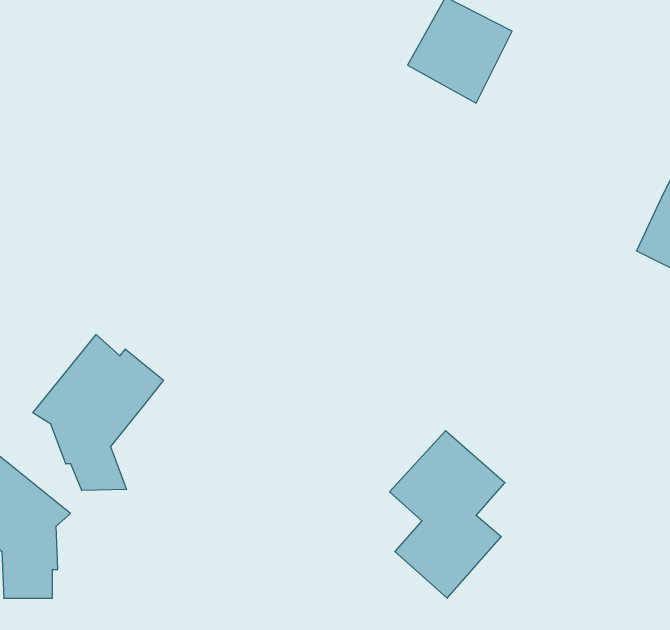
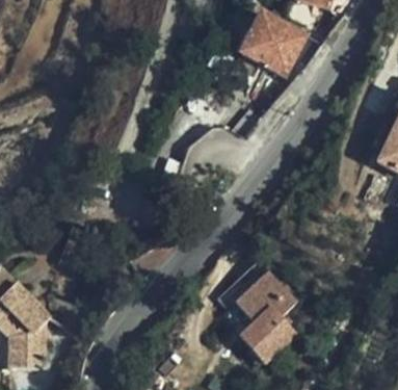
building: [33,335,163,490] -> none

